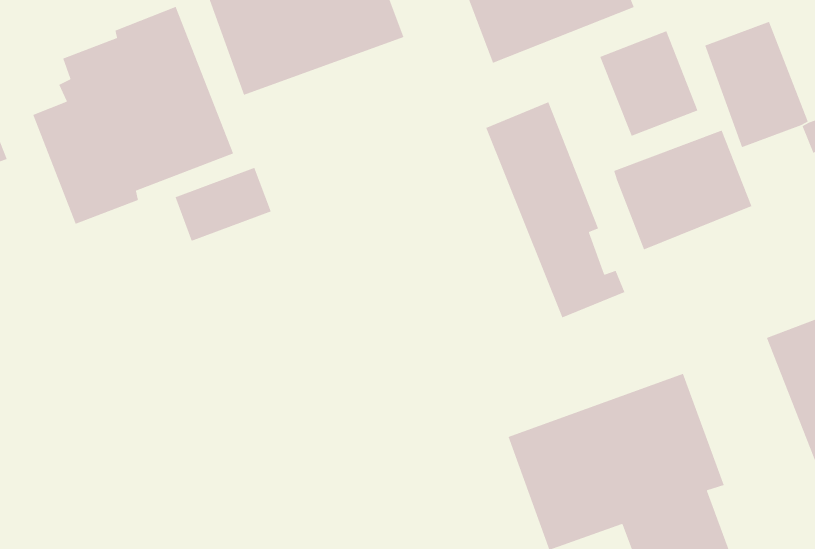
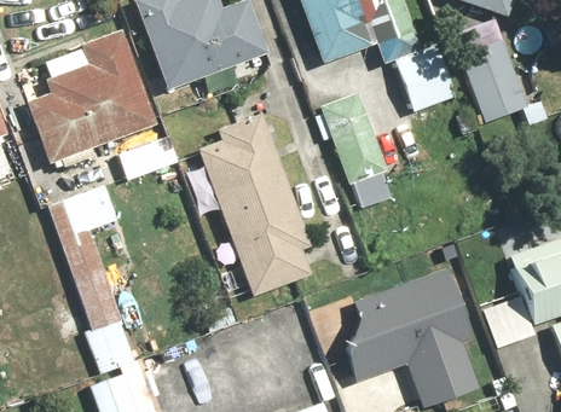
building: [613,130,753,250] -> none
building: none -> [195,112,316,298]
building: none -> [48,199,135,372]

